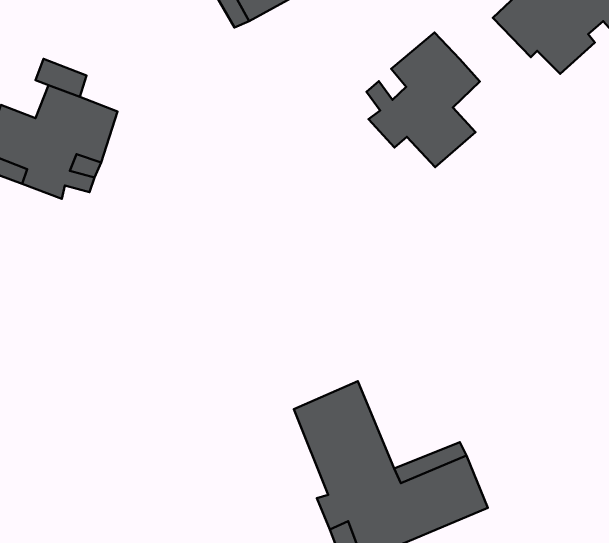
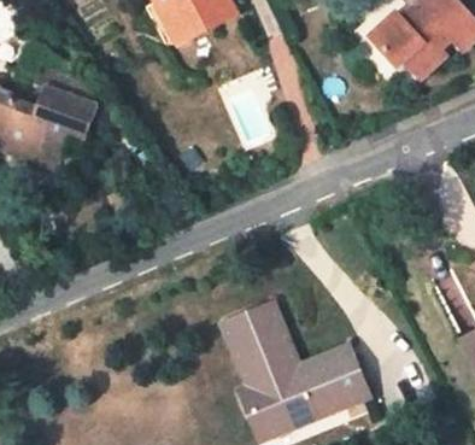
building: [366,32,480,167] -> none

